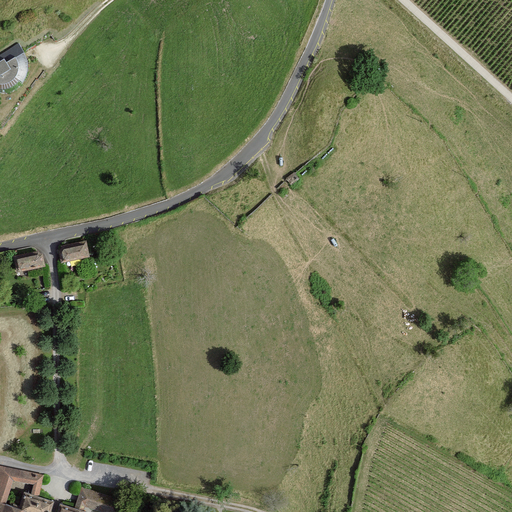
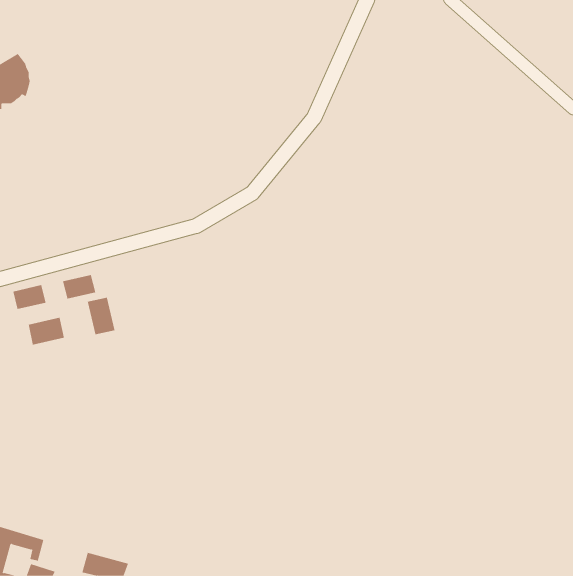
building: none -> [87,297,115,335]
building: none -> [28,317,65,345]

